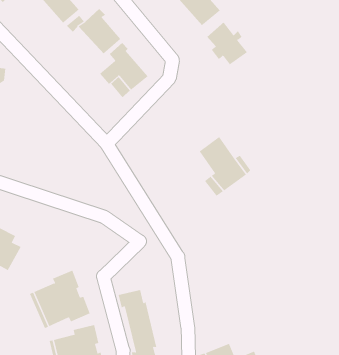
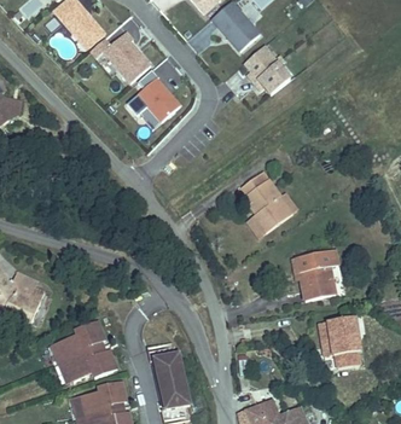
building: none -> [292,251,332,301]
building: none -> [320,310,356,364]

